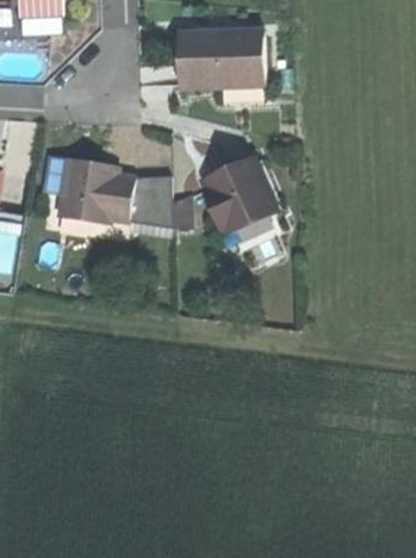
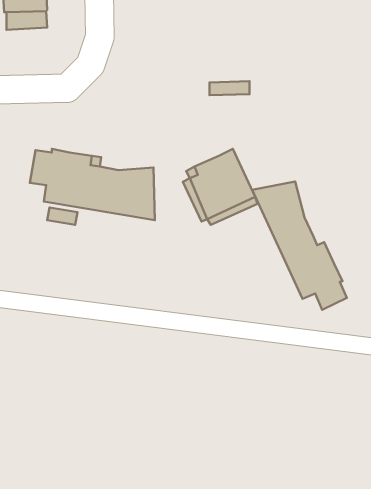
building: [179,29,266,86] -> none
building: none -> [252,182,347,310]

